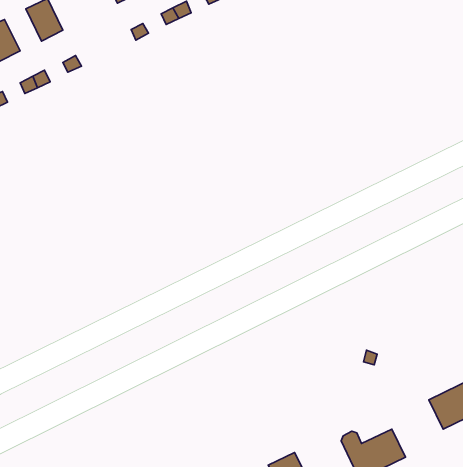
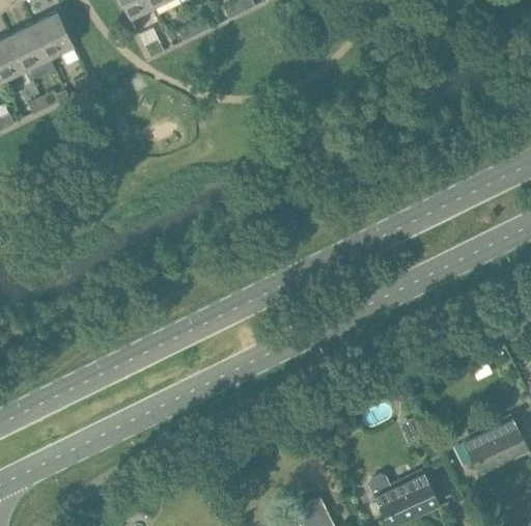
building: none -> [10,25,50,70]

